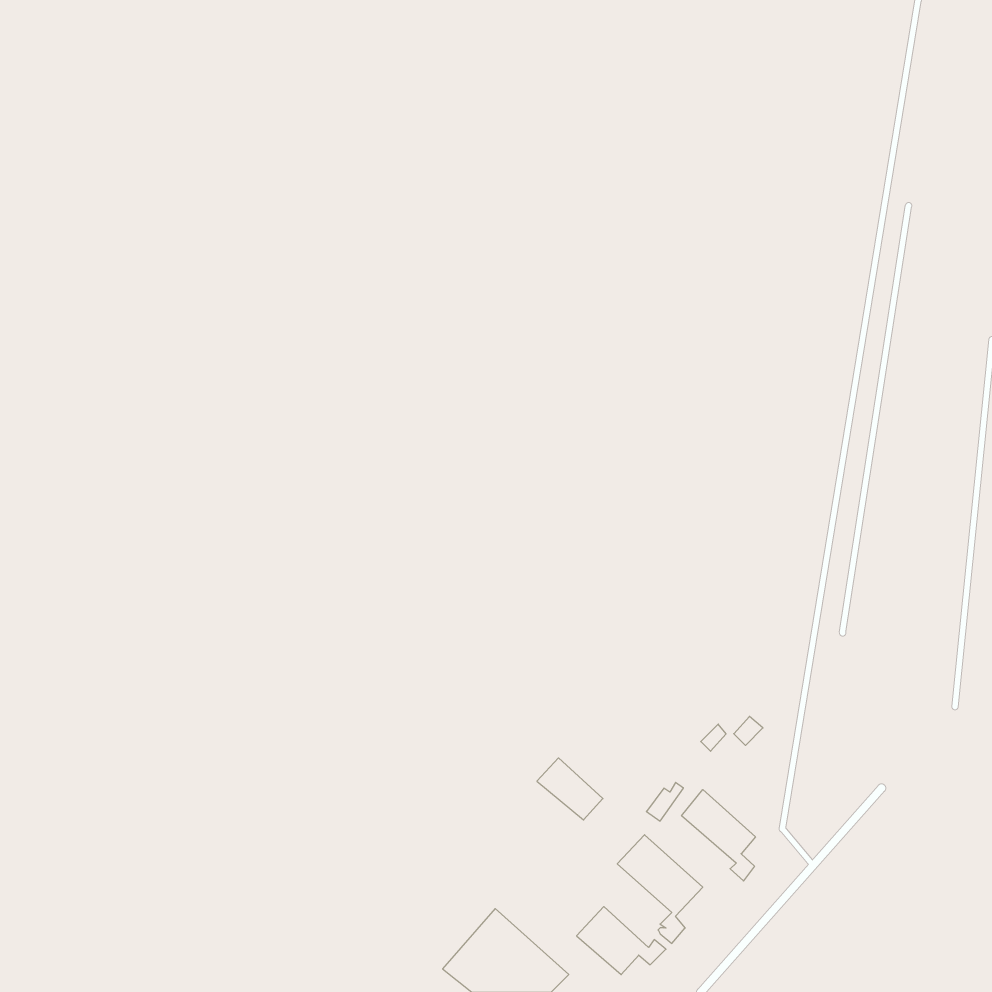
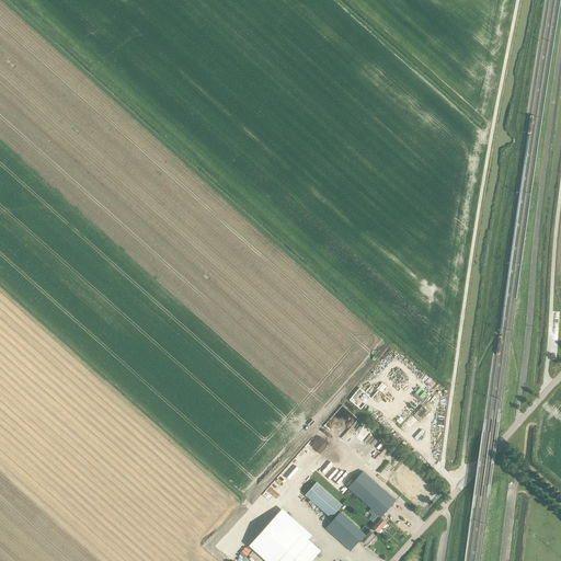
building: [537,758,603,820] -> [305,482,342,517]
building: [682,790,755,881] -> none

